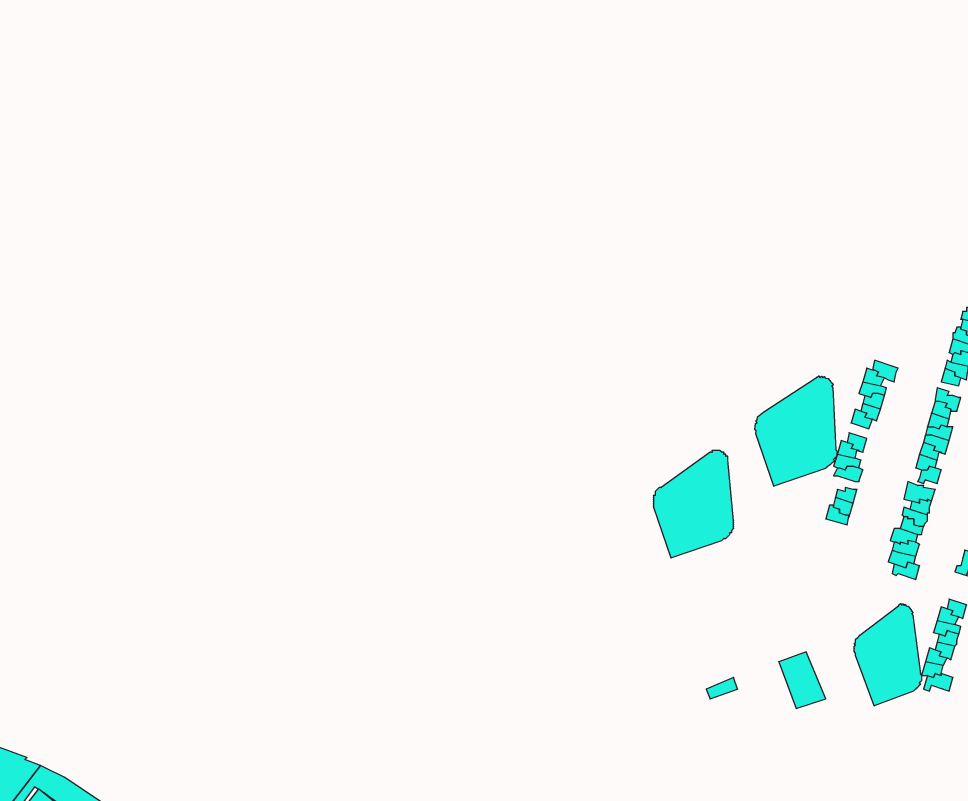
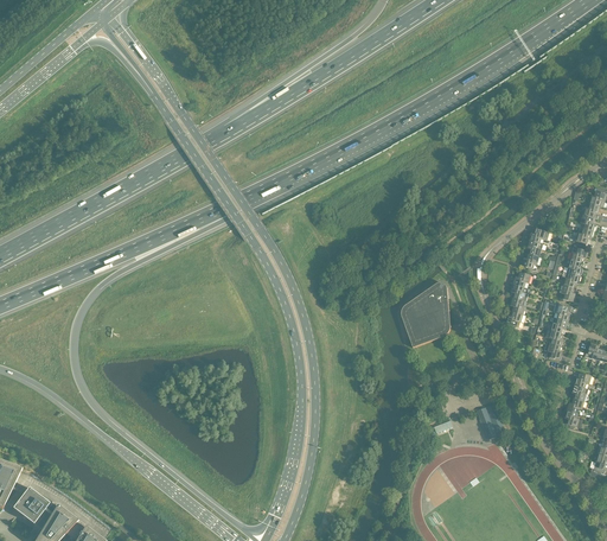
building: [755,376,837,486] -> none
building: [854,604,922,706] -> none

